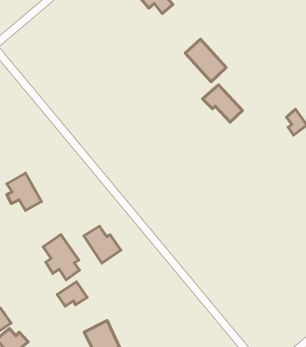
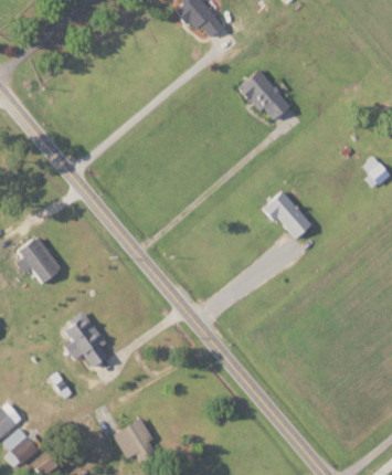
building: [203,85,243,122] -> [263,192,312,239]
building: [84,226,121,263] -> none
building: [57,282,87,306] -> none

